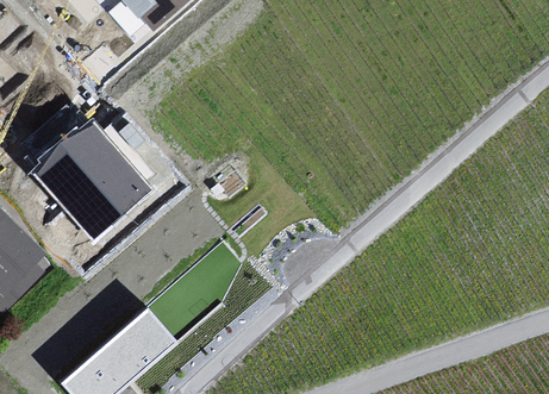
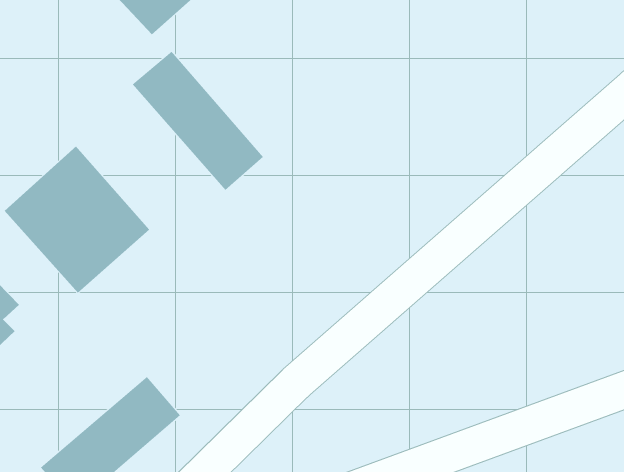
building: none -> [132,51,264,191]

